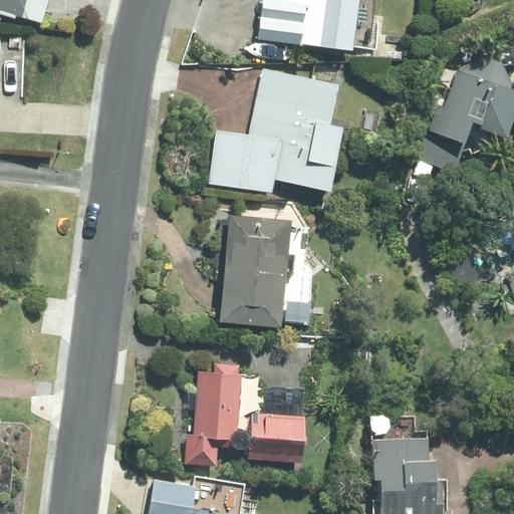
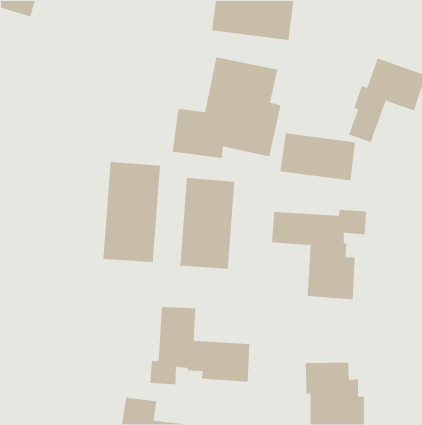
building: none -> [280,133,356,181]
building: none -> [103,161,161,263]
building: none -> [271,209,367,300]

